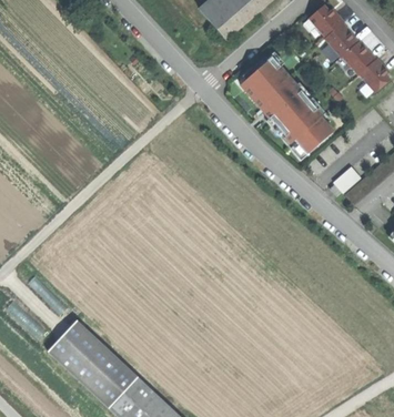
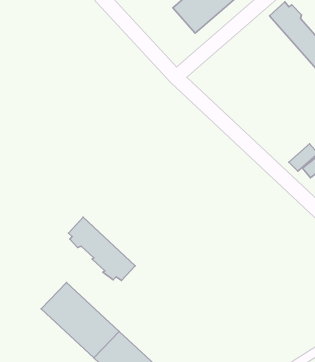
building: [242,52,336,160] -> none
building: none -> [68,217,135,281]

